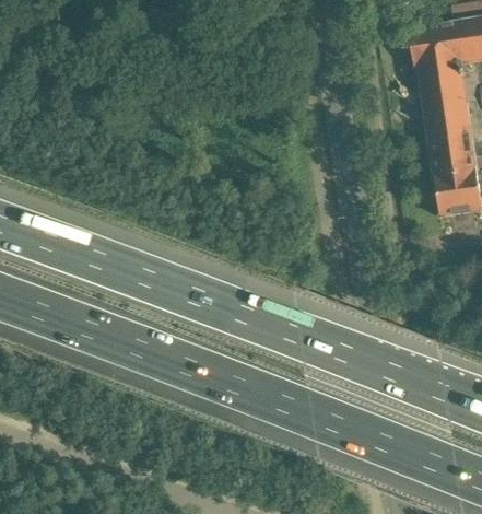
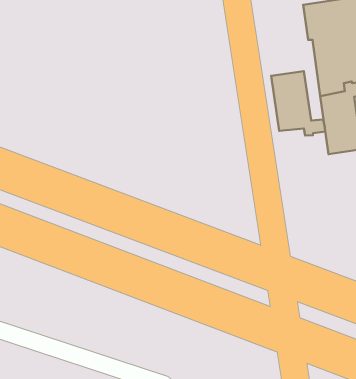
building: none -> [271,71,325,136]

